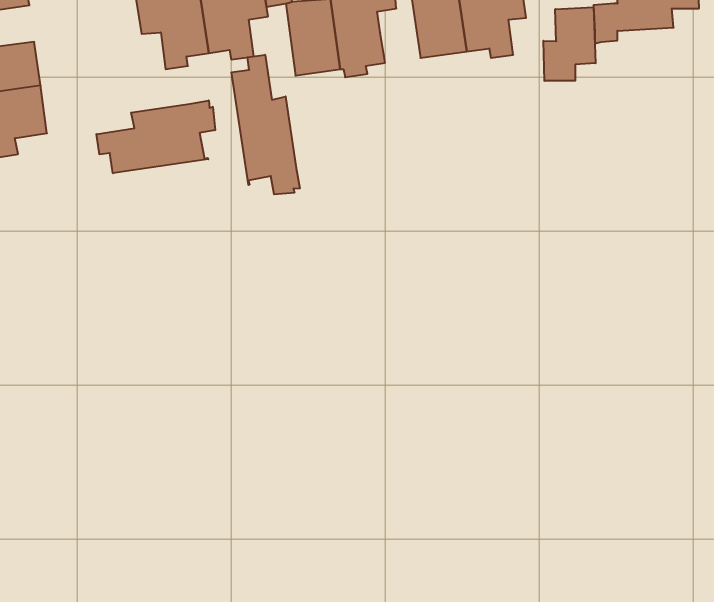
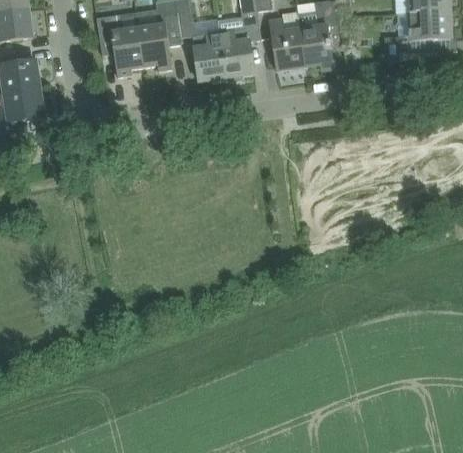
building: [543,7,596,81] -> none
building: [232,55,300,194] -> none
building: [96,100,215,173] -> none

